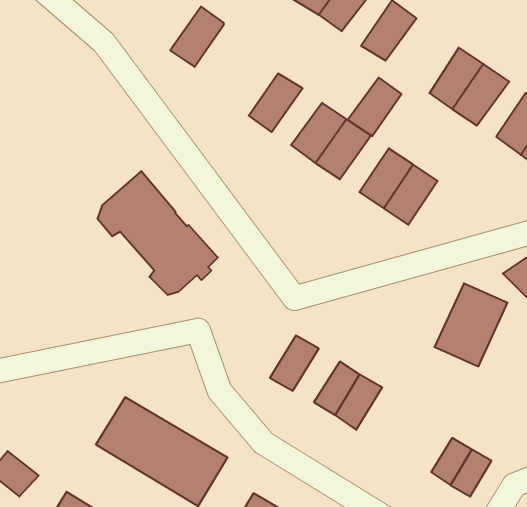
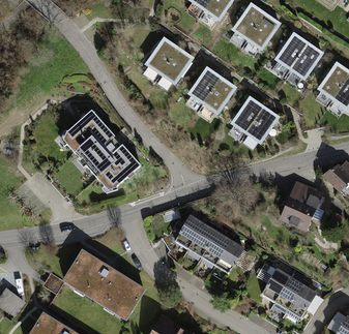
building: [170,7,224,67] -> [144,36,178,74]
building: [348,78,401,136] -> [246,12,281,50]
building: none -> [187,222,217,256]
building: none -> [261,271,289,301]

